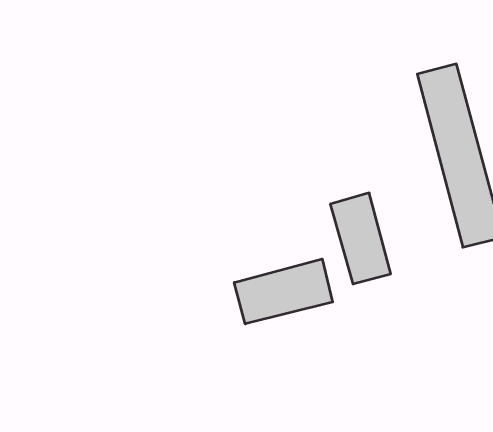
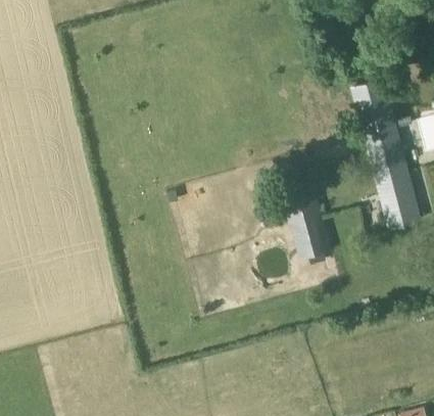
building: [234,259,333,324] -> none

